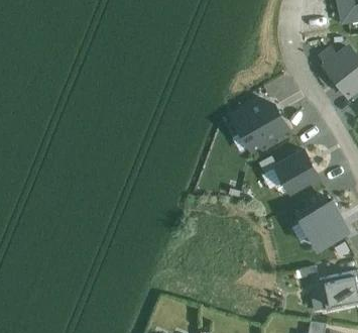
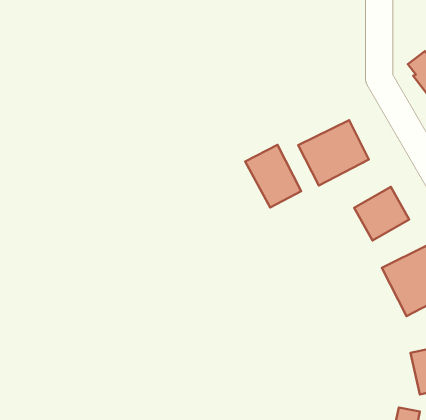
building: none -> [245,145,301,208]

